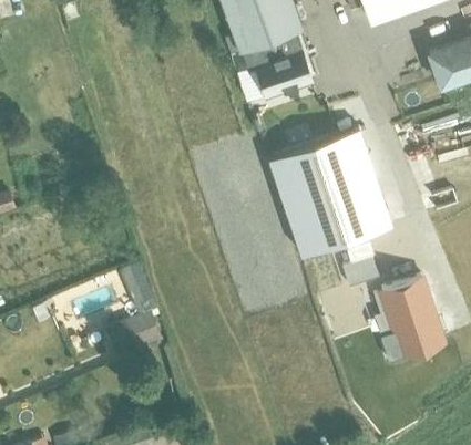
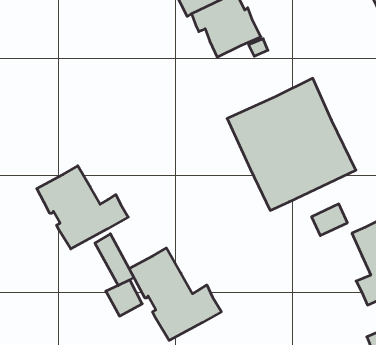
building: none -> [37,166,128,249]
building: none -> [129,248,221,340]

